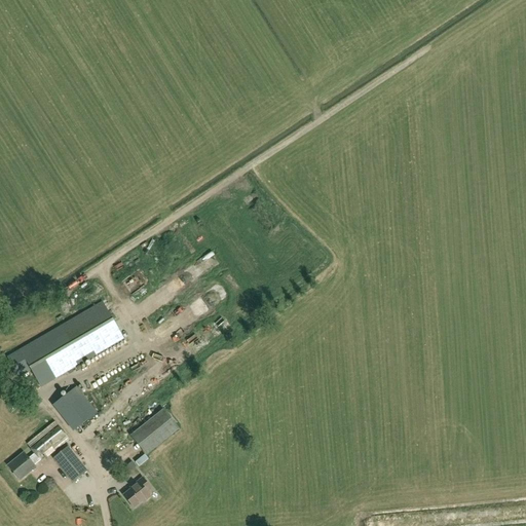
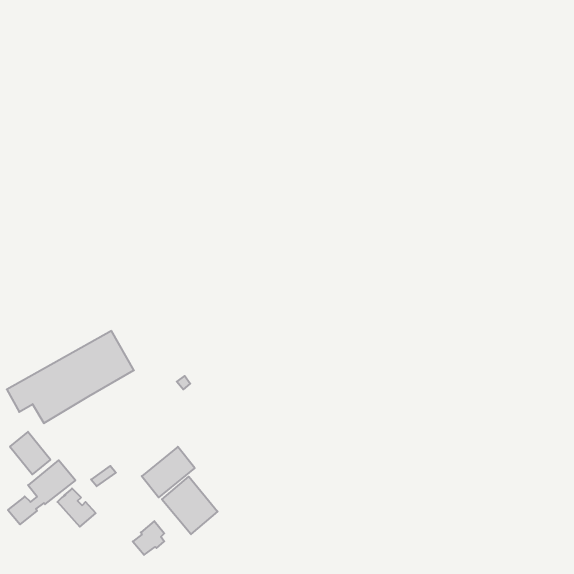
building: [59,386,96,425] -> [10,432,50,474]
building: none -> [162,477,218,534]

